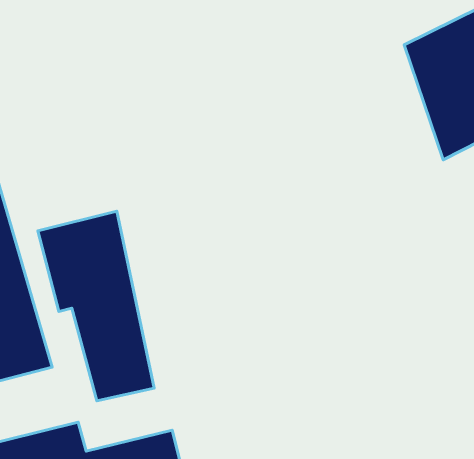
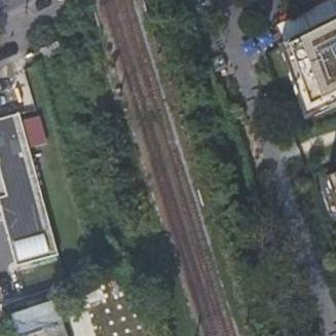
building: [38,211,154,401] -> none

